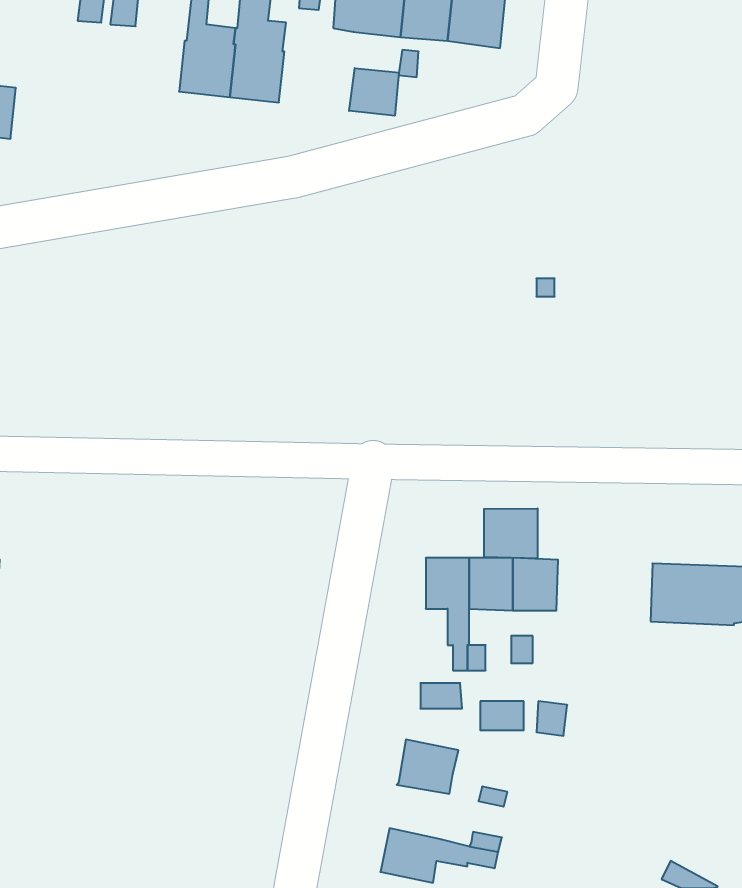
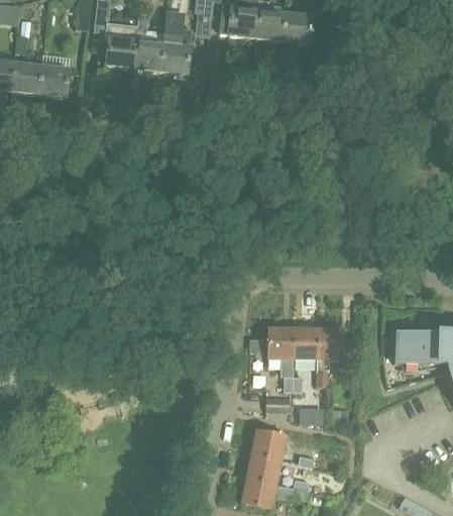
building: none -> [104,36,134,68]
building: [349,68,399,116] -> none
building: none -> [37,66,69,97]
building: [484,508,538,558] -> none
building: none -> [248,453,281,484]

